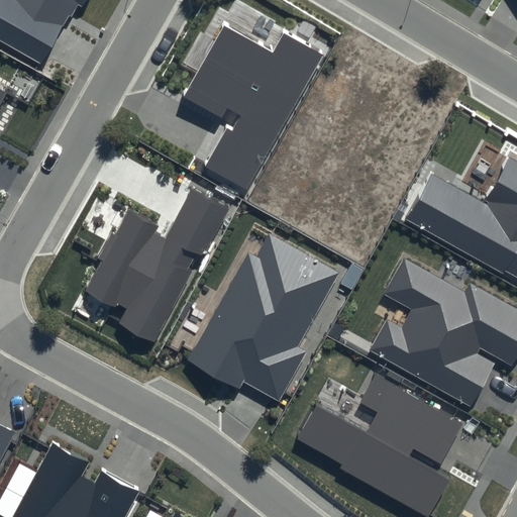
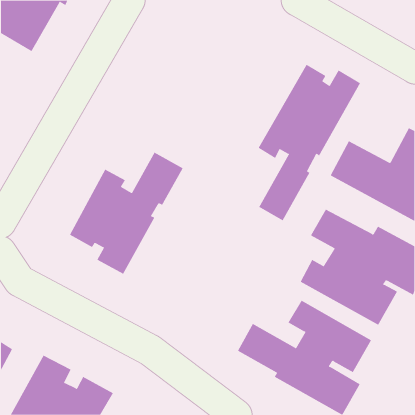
building: [183,23,324,190] -> none
building: none -> [258,64,361,221]
building: [188,234,339,402] -> none

